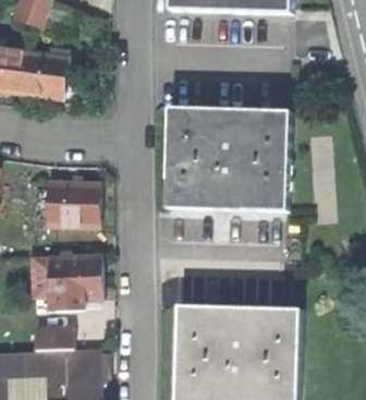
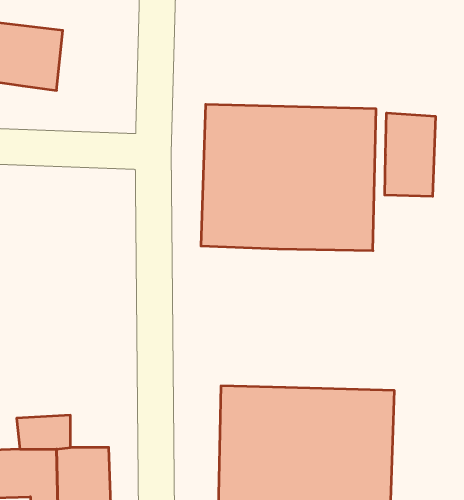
building: none -> [385,113,435,196]
building: [47,182,100,225] -> none
building: [30,253,103,310] -> none

